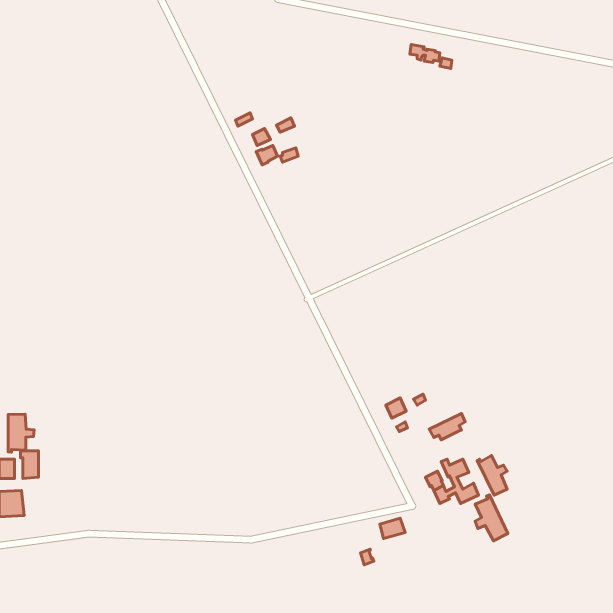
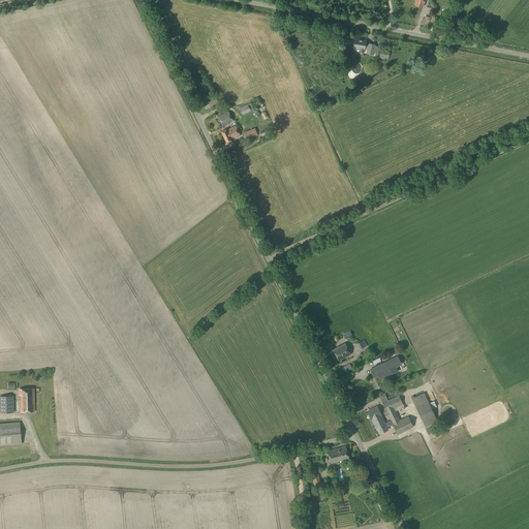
building: [8,414,34,452] -> none
building: [475,495,508,541] -> none

